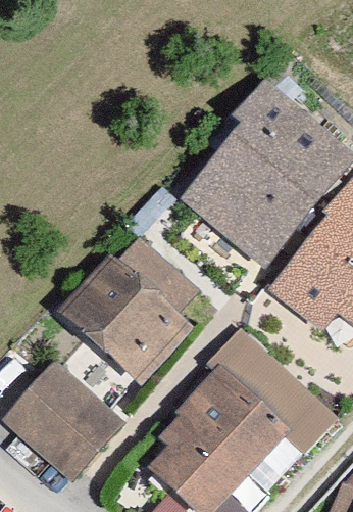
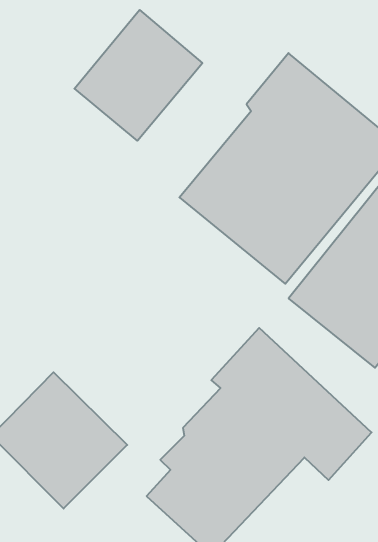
building: none -> [74,10,202,141]
building: [55,251,199,392] -> none

